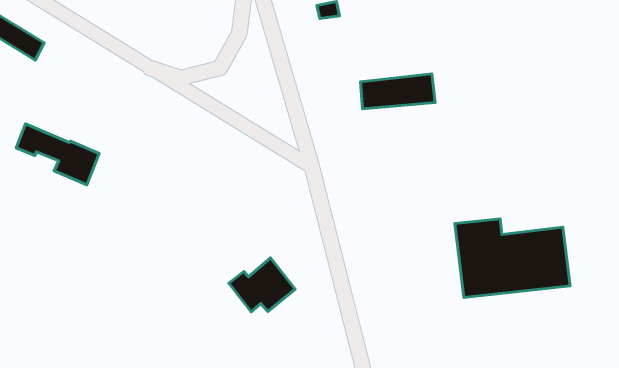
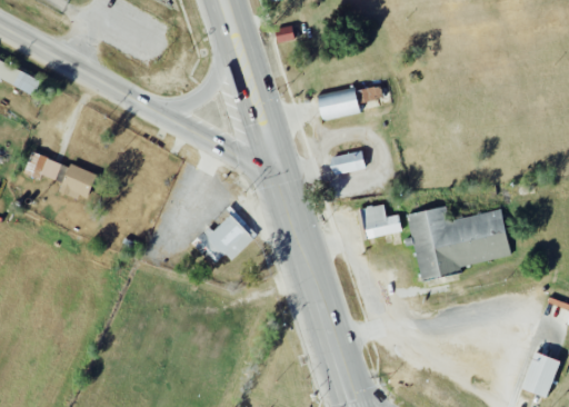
building: none -> [330,151,366,175]
building: none -> [361,204,402,238]
building: [229,258,295,312] -> [197,214,254,261]

